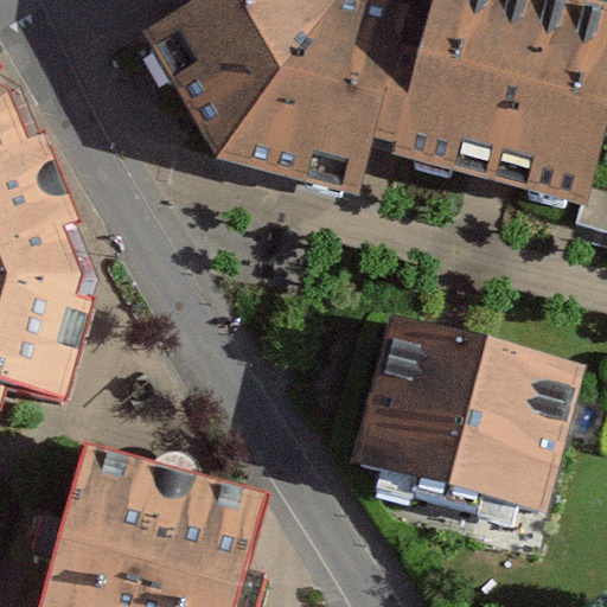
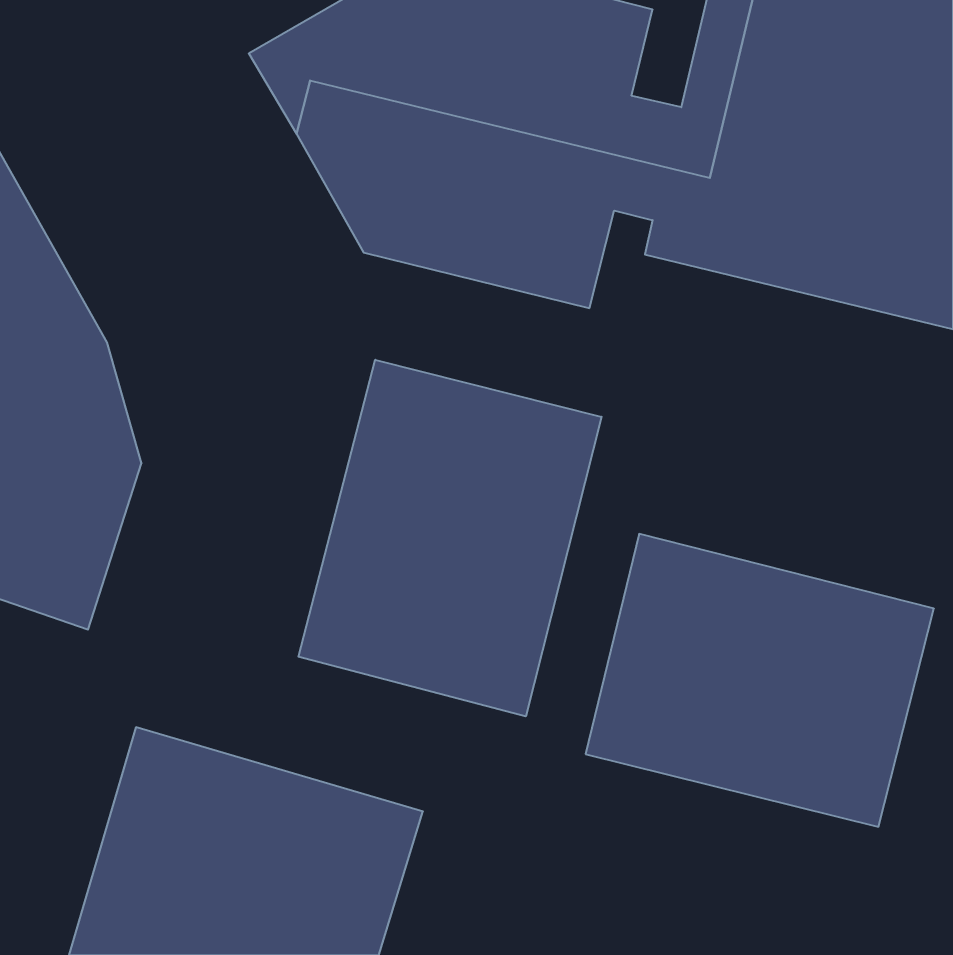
building: none -> [298,360,602,716]

